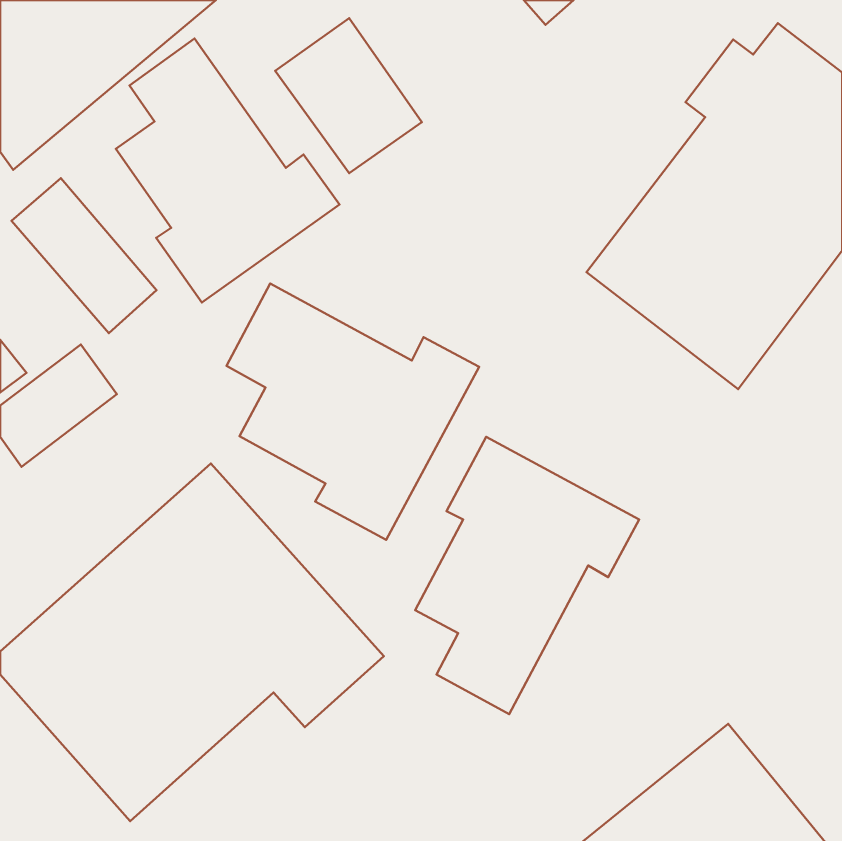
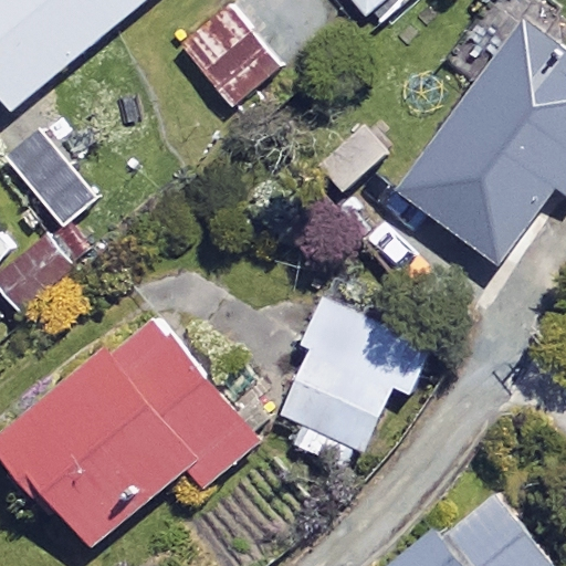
building: [116,39,339,302] -> none
building: [227,283,479,540] -> none

